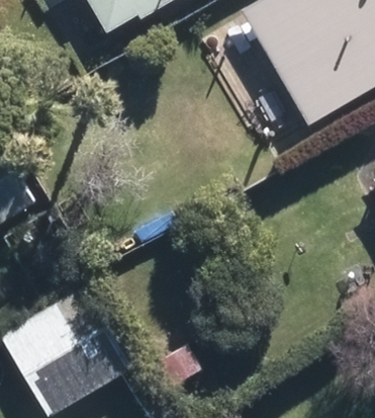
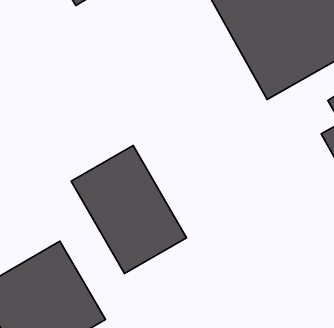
building: none -> [71,146,186,274]

